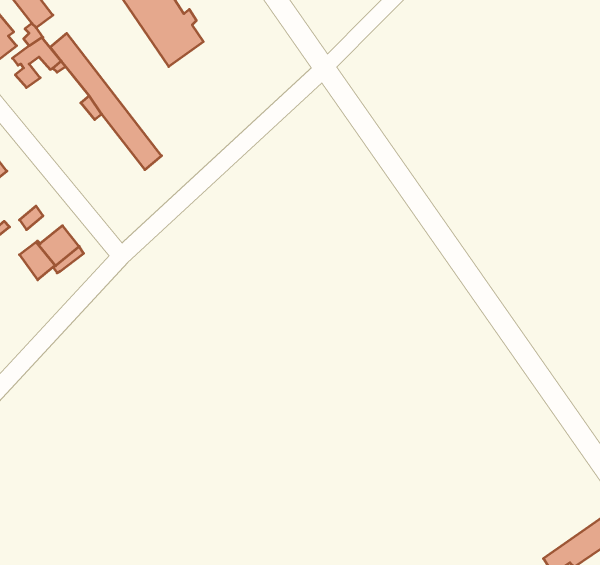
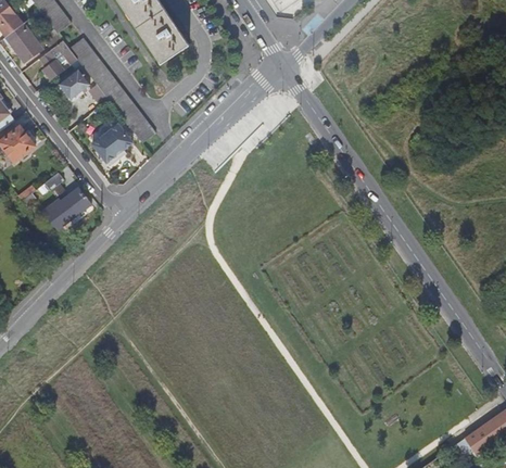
building: none -> [58,68,88,99]
building: none -> [90,123,131,162]

